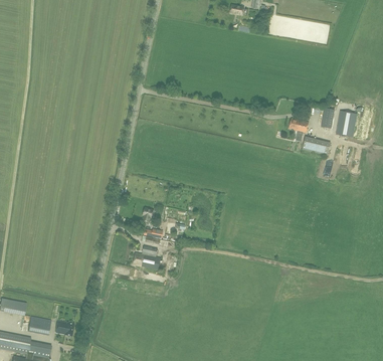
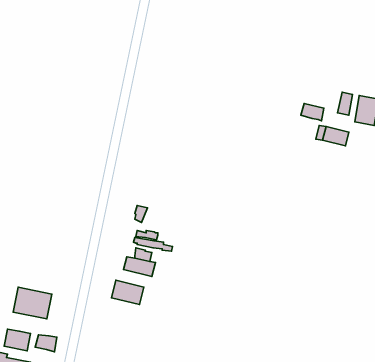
building: none -> [112,280,144,305]
building: none -> [13,287,52,319]

